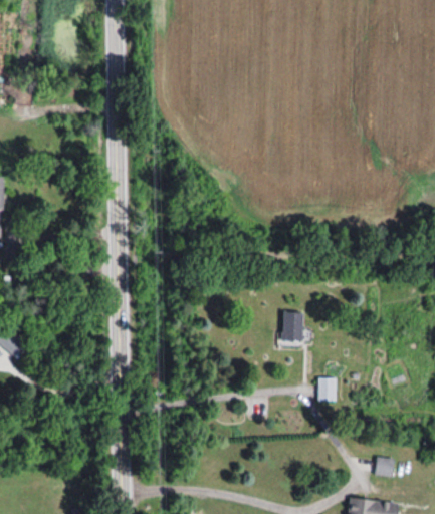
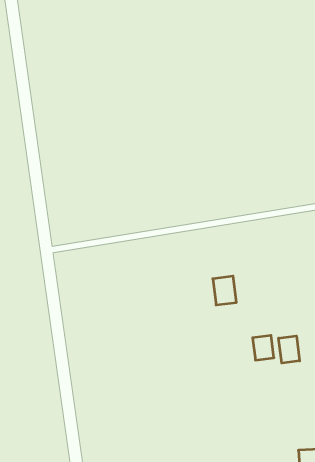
building: none -> [279,336,300,363]

